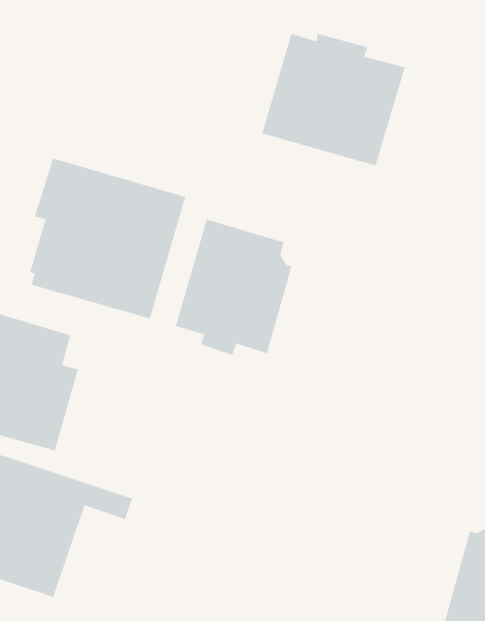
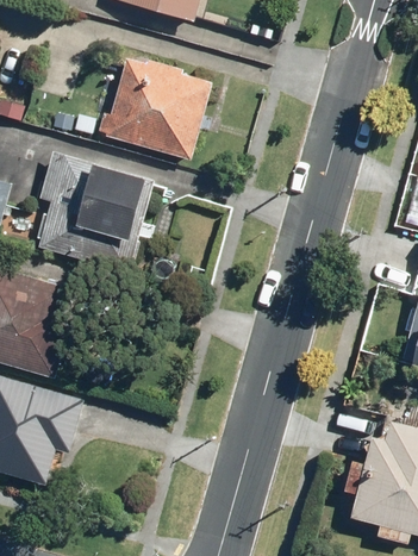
building: [261,33,406,166] -> [101,57,212,160]
building: [175,218,293,356] -> none

